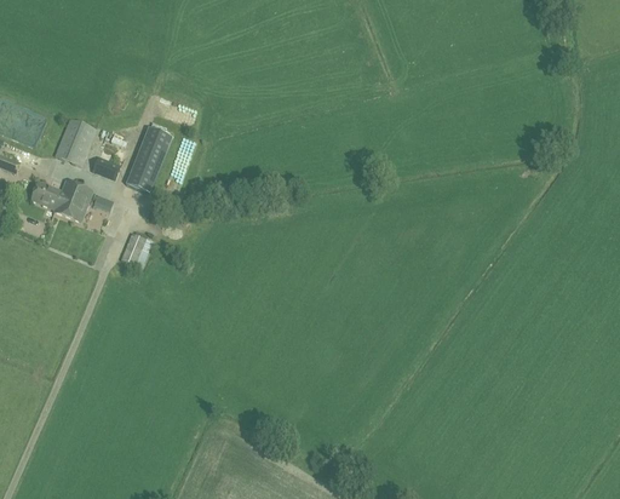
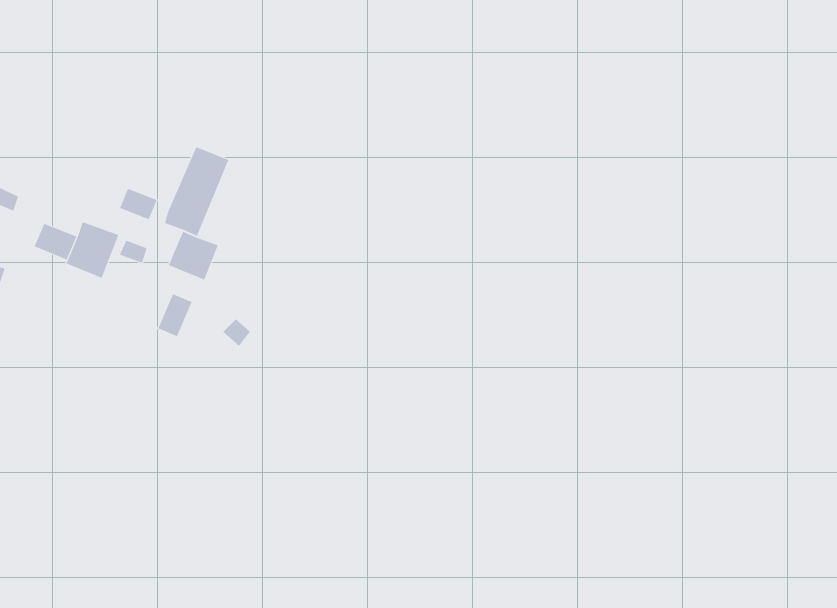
building: [54,119,96,167] -> none
building: none -> [168,231,219,280]

